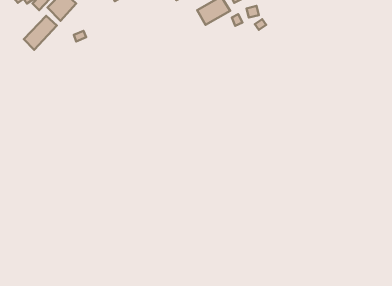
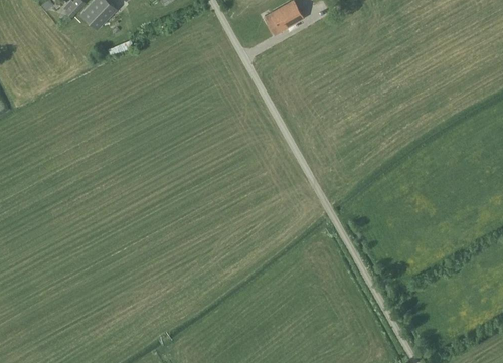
building: [24,16,57,50] -> none

